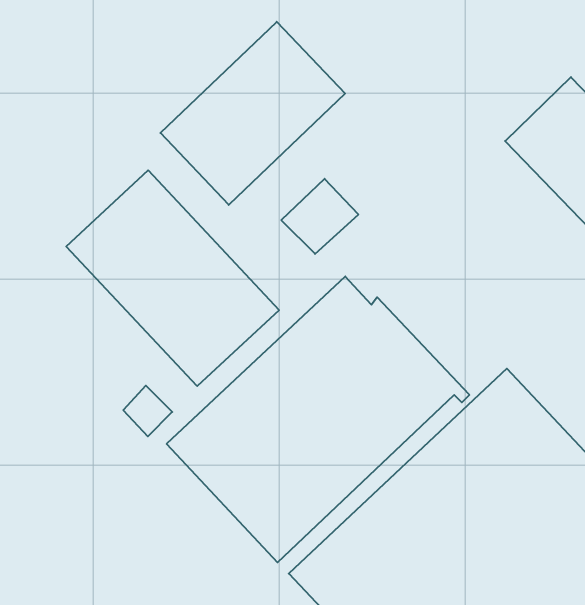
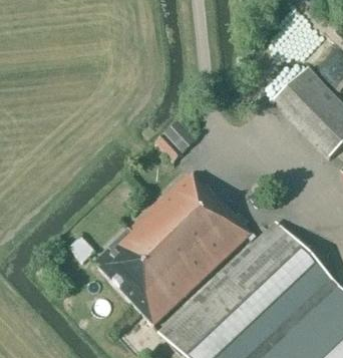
building: [160,22,345,205] -> none
building: [66,170,279,386] -> none

